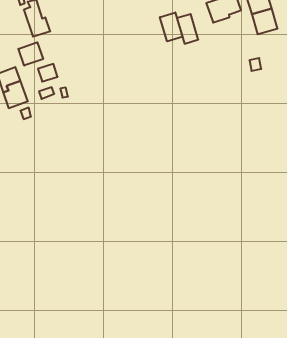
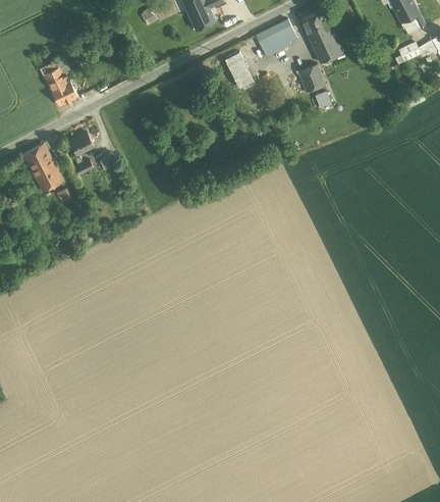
building: [160,12,183,41] -> none
building: none -> [296,63,324,92]
building: [18,42,43,66] -> none

